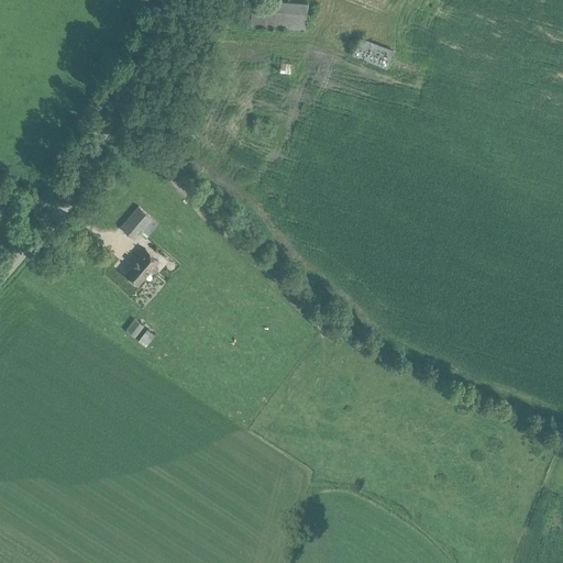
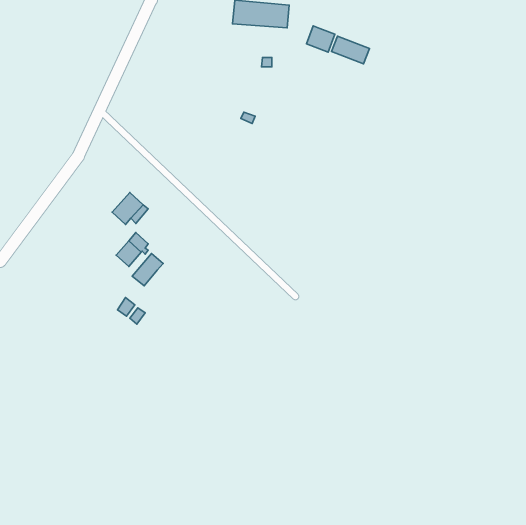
building: none -> [307,26,335,52]
building: none -> [132,254,163,286]

